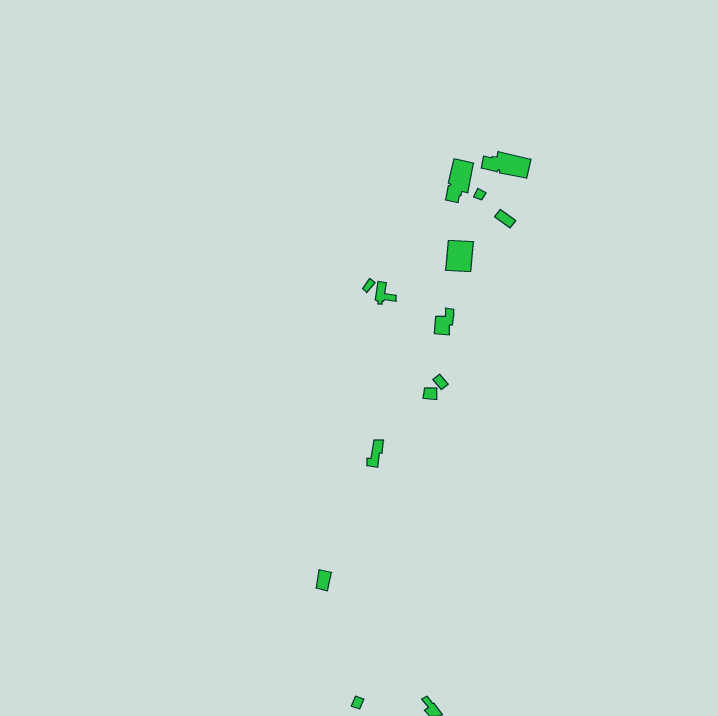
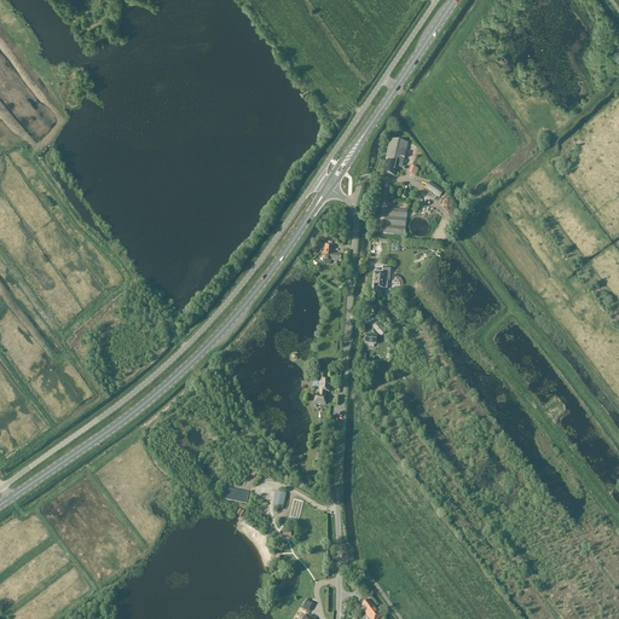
building: [481,151,531,178] -> none

